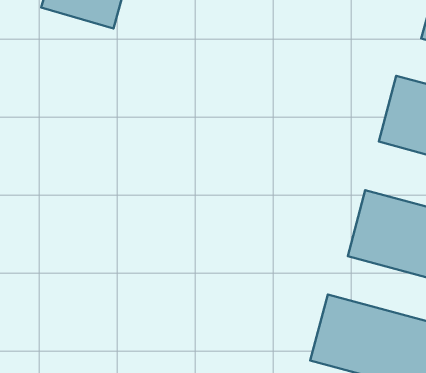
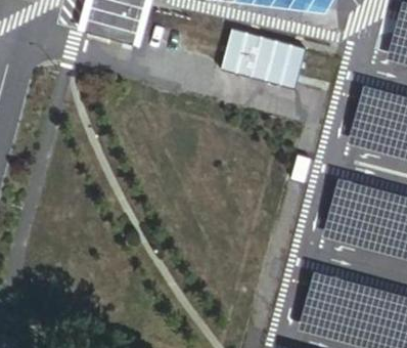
building: none -> [222,33,306,90]

